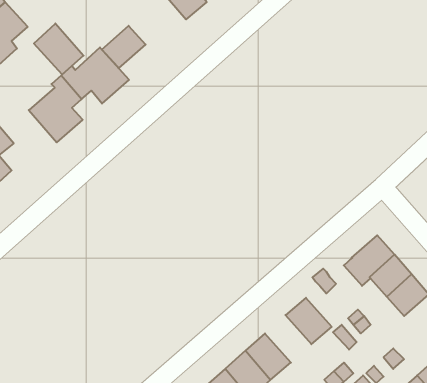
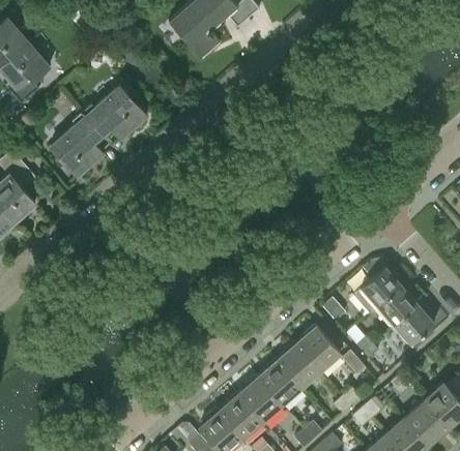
building: [34,23,84,74] -> none
building: [102,26,146,68] -> none
building: none -> [277,342,321,388]

